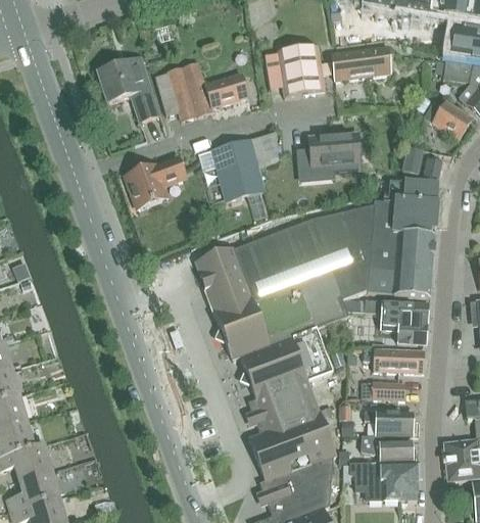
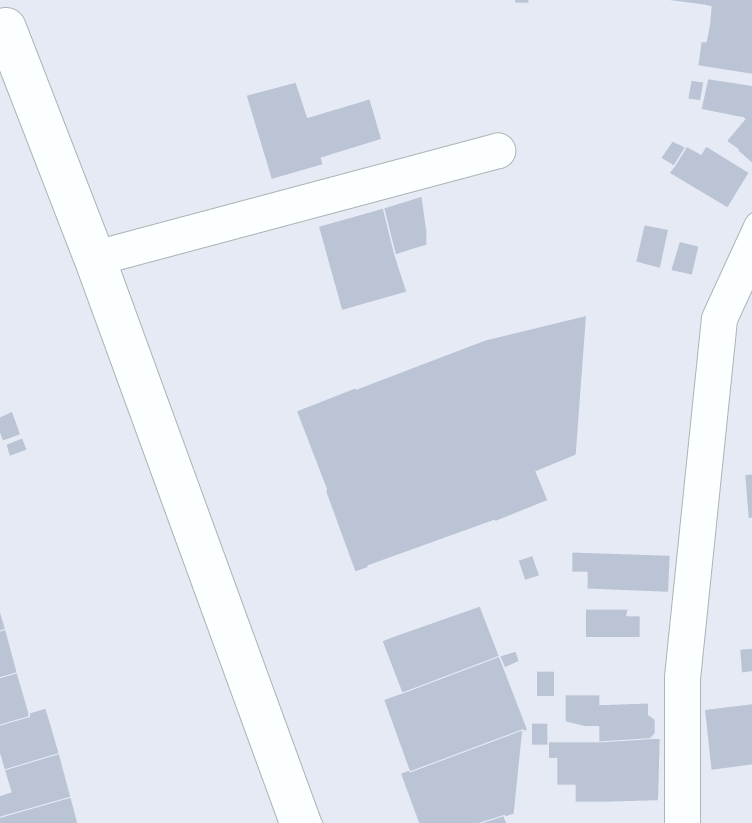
building: [266,44,391,96] -> none
building: [97,57,158,121] -> none
building: [307,133,361,180] -> none
building: [124,156,186,207] -> none
building: [367,180,437,297] -> none
building: [365,298,428,343] -> none
building: [240,328,333,398] -> none
building: [365,411,415,435] -> none

